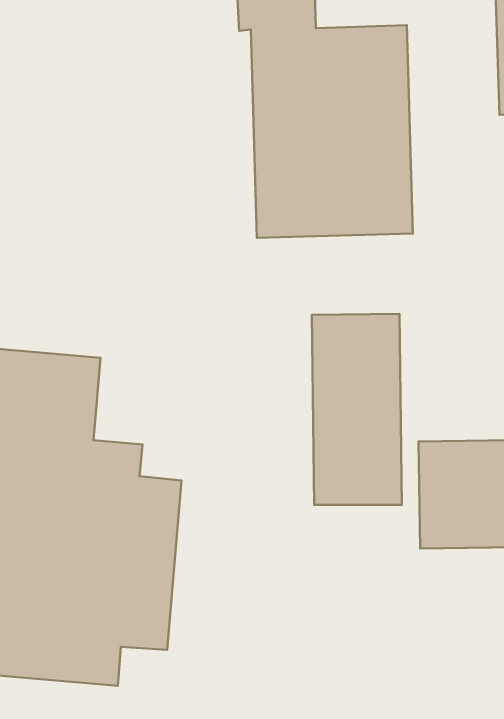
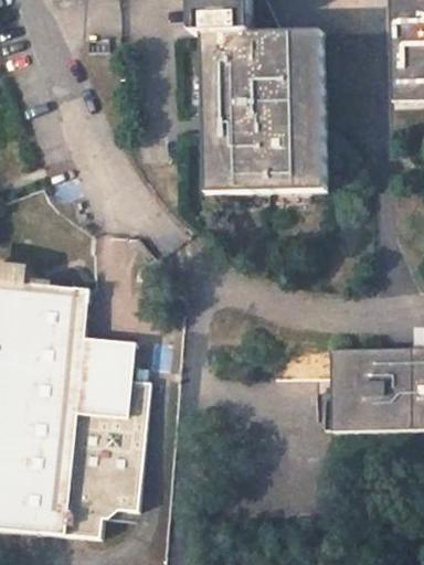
building: [312,314,402,505] -> none

